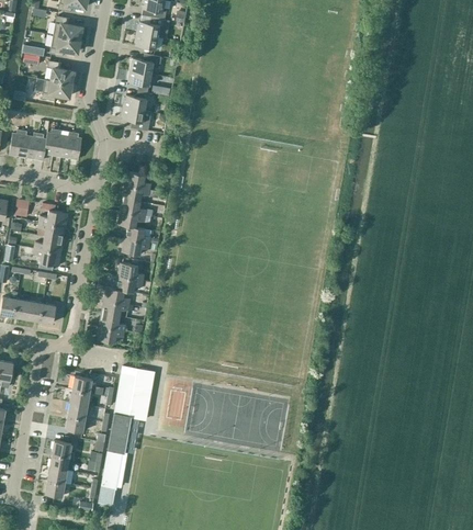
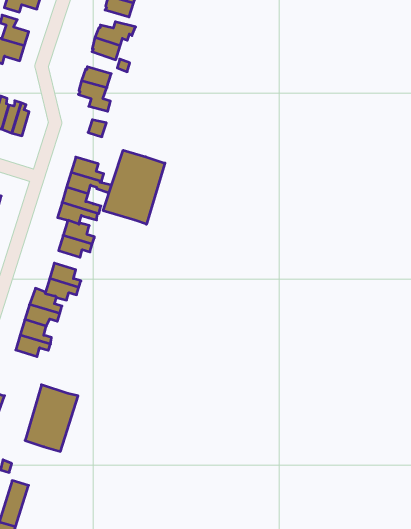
building: none -> [103,150,165,224]
building: [108,415,131,453] -> none

